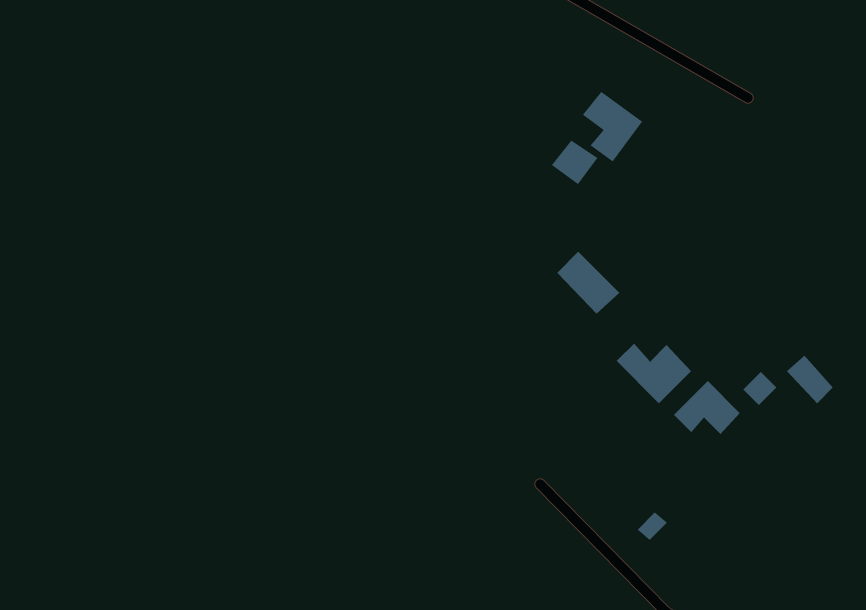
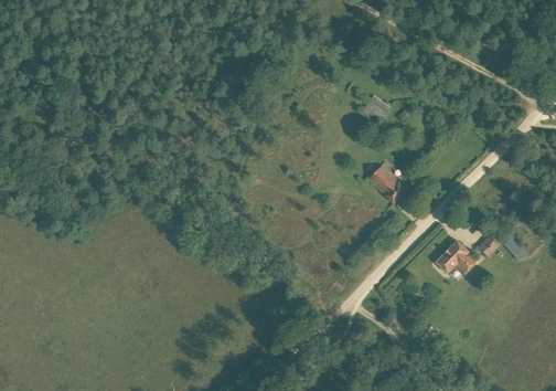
building: [582,91,643,163] -> none
building: [616,343,692,404] -> none

